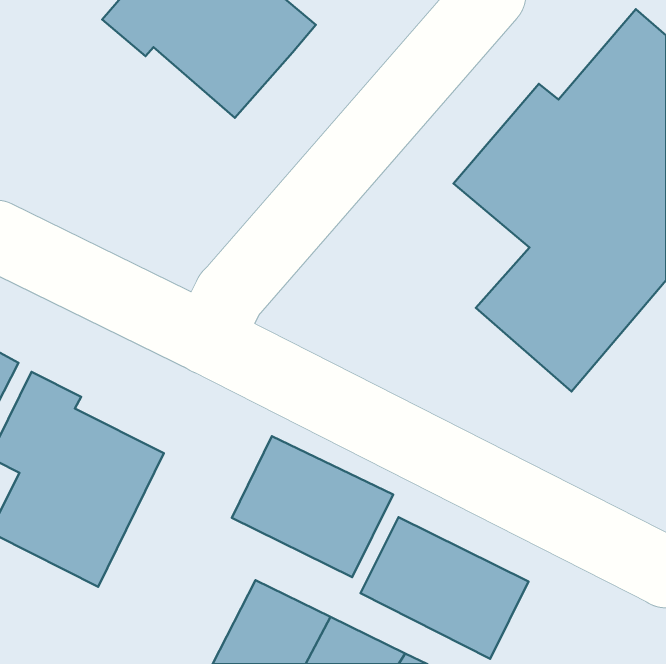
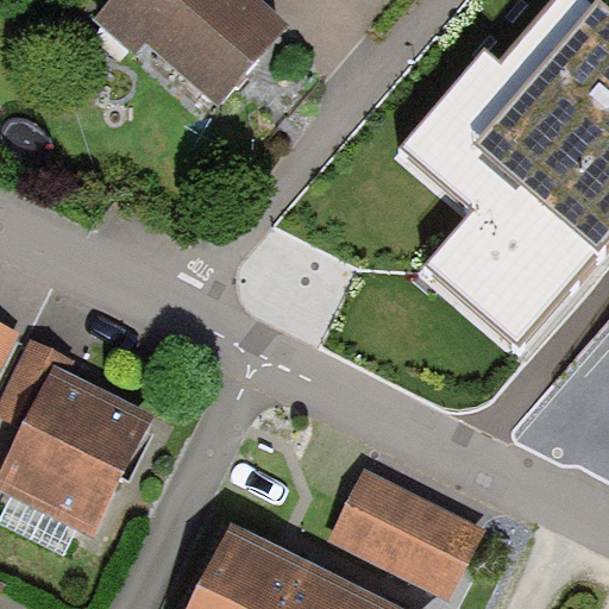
building: [232,436,393,577] -> none

